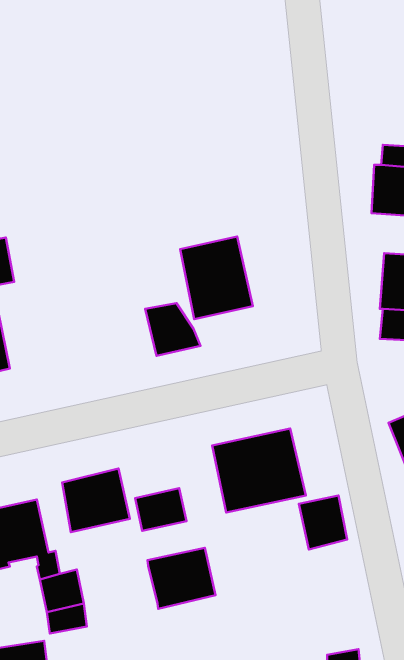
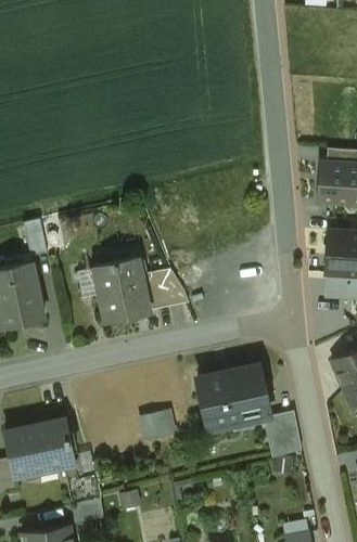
building: [180,236,253,319] -> [93,257,149,320]
building: [62,468,130,532] -> none
building: [147,548,215,609] -> none

